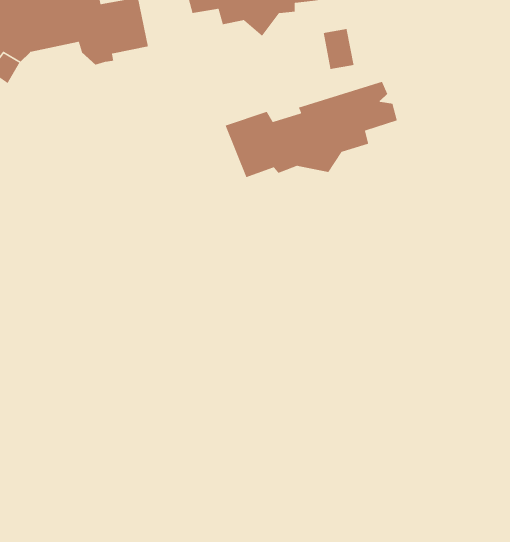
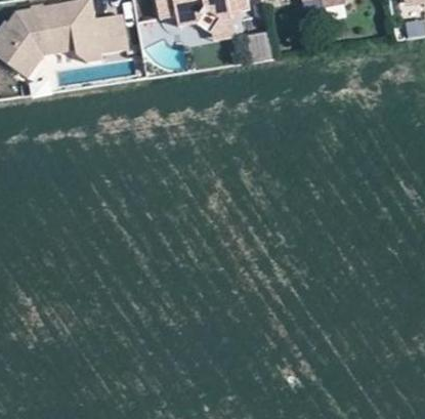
building: [224,81,398,178] -> none

